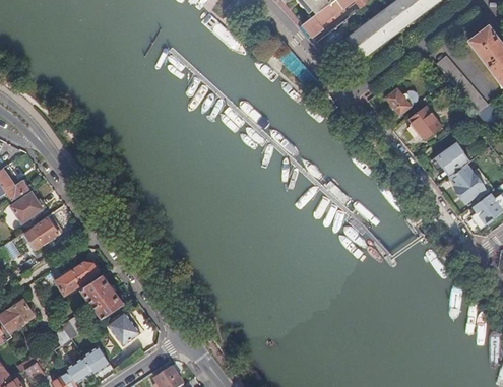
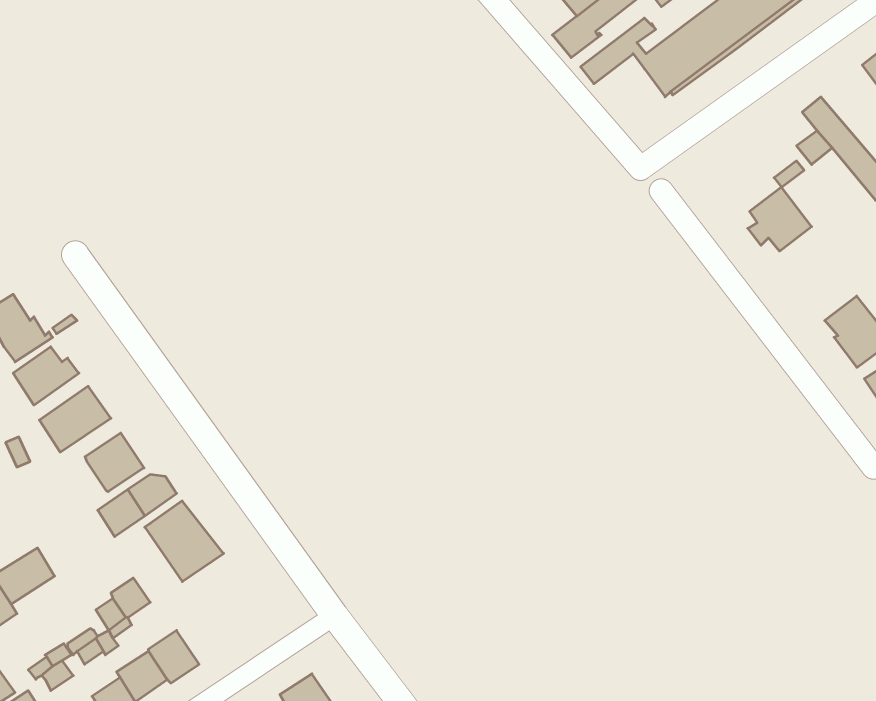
building: [384,87,417,115] -> none
building: [434,141,469,177] -> none
building: none -> [85,433,144,492]
building: [107,311,139,344] -> none

